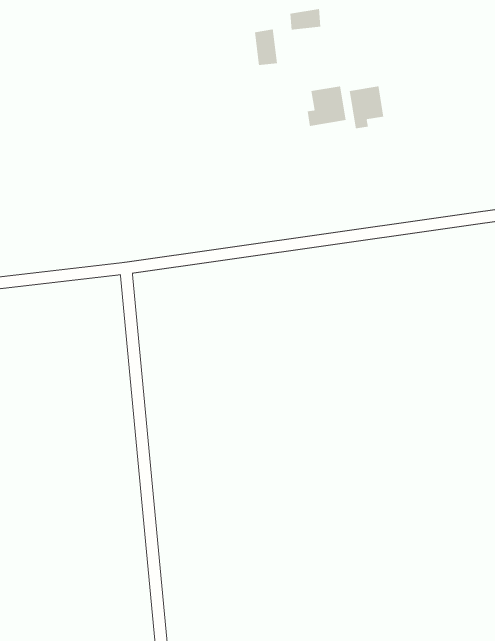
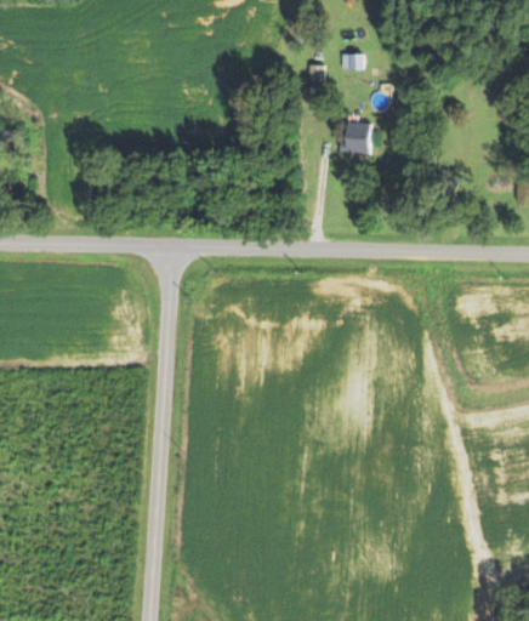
building: [349,86,384,129] -> none

